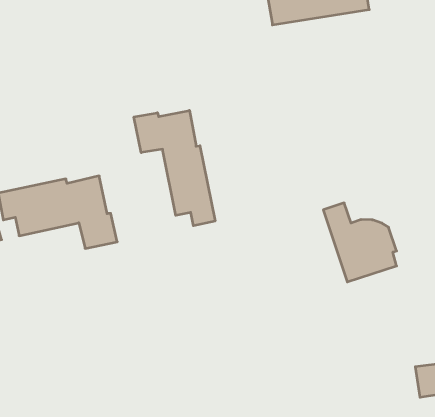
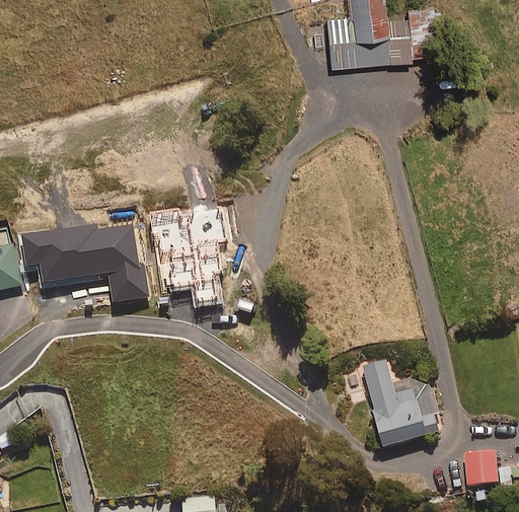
building: [134,110,215,226] -> none
building: [323,203,397,282] -> [361,361,438,447]

